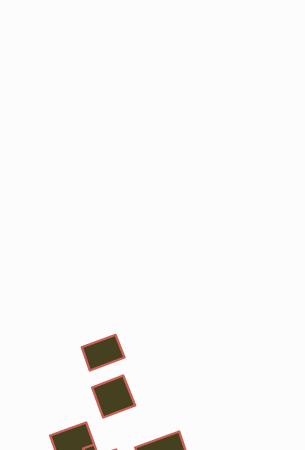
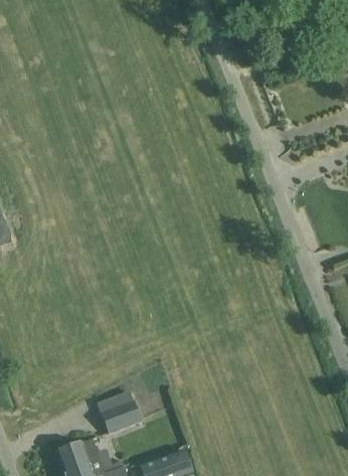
building: [82,335,124,371] -> none

